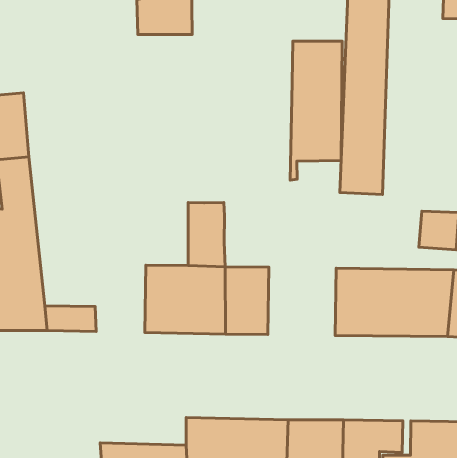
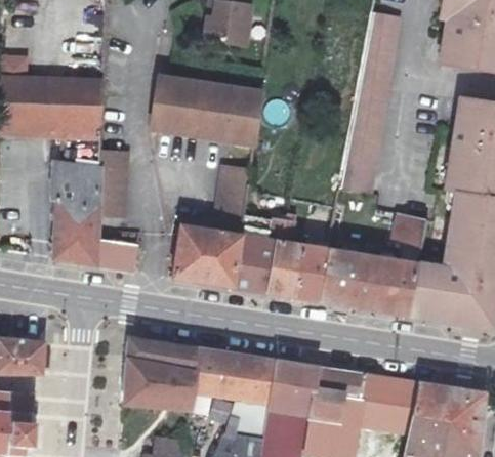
building: [290,41,342,180] -> none
building: none -> [153,78,260,146]
building: none -> [267,240,328,300]
building: none -> [125,337,195,369]

